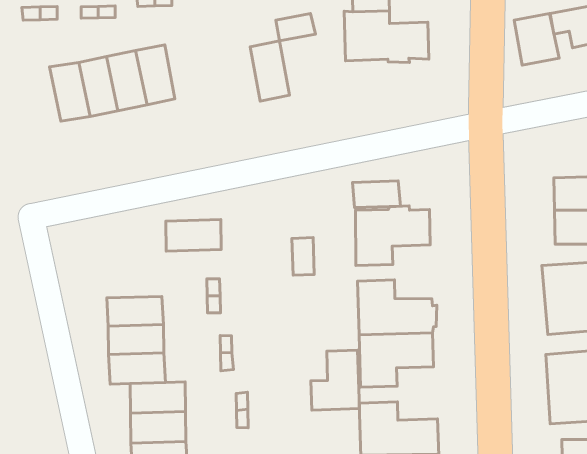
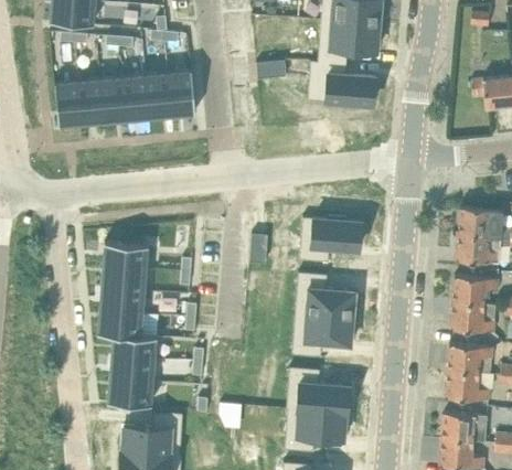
building: [514,14,559,65] -> none
building: [250,41,289,101] -> [170,71,196,116]
building: none -> [55,81,83,126]
building: [352,181,400,208] -> none
building: [166,220,221,251] -> [104,242,149,268]
building: [311,350,359,410] -> none

